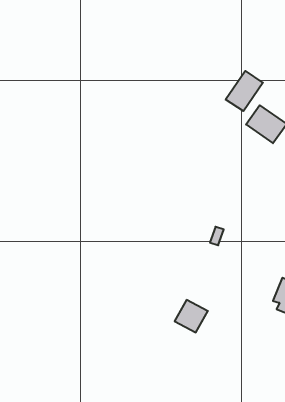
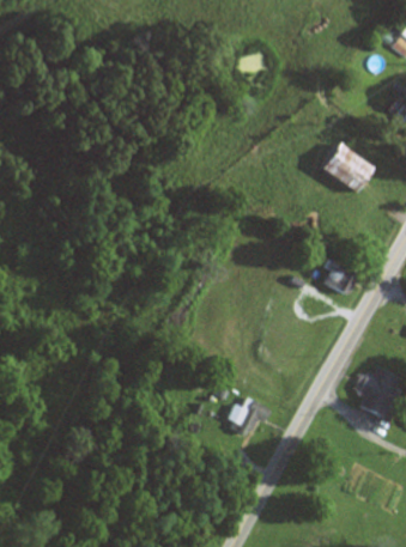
building: [226,71,263,111] -> none
building: none -> [319,257,358,294]

